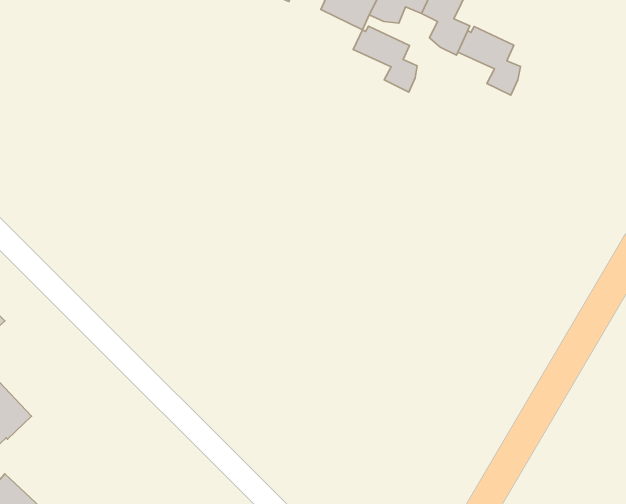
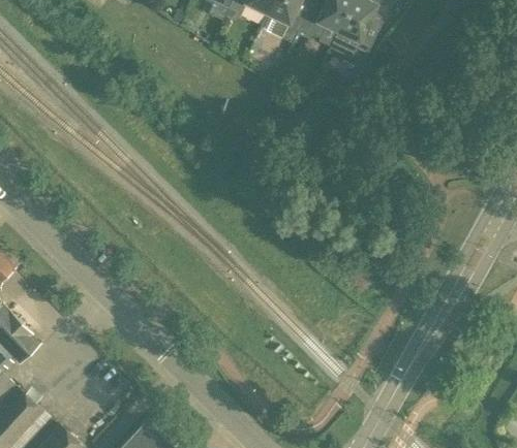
building: [353,26,417,92] -> none
building: [458,26,520,95] -> none

